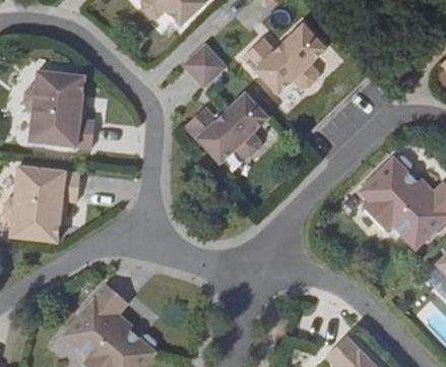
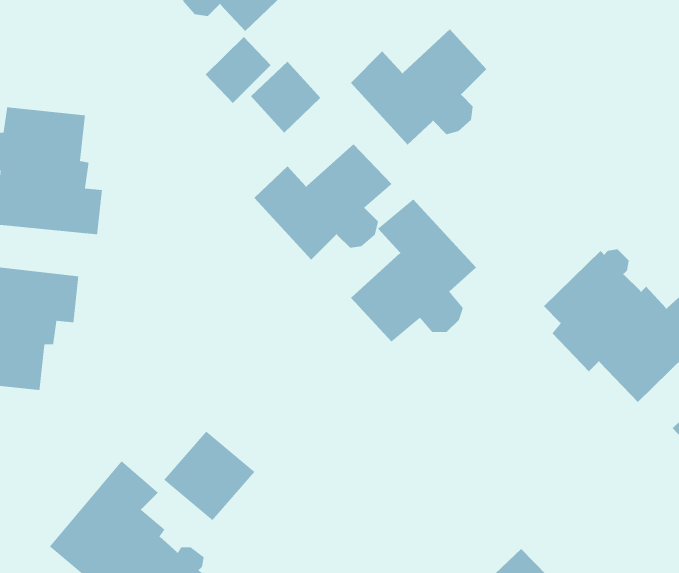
building: none -> [205,36,272,104]
building: none -> [350,198,477,343]
building: none -> [163,431,256,521]

